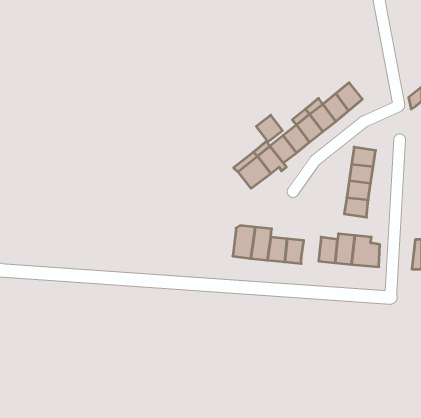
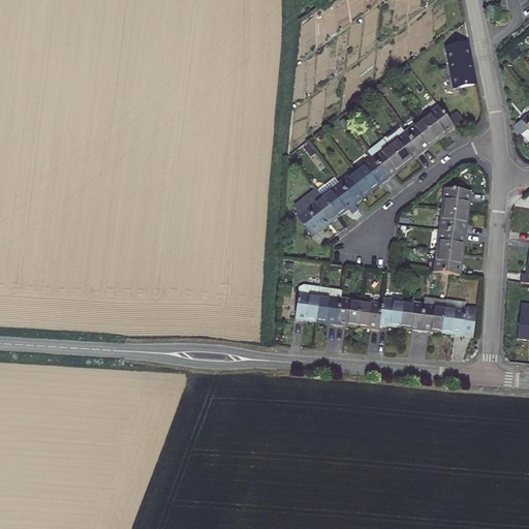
building: none -> [445,41,475,86]
building: [256,115,282,142] -> none
building: none -> [378,294,403,326]

